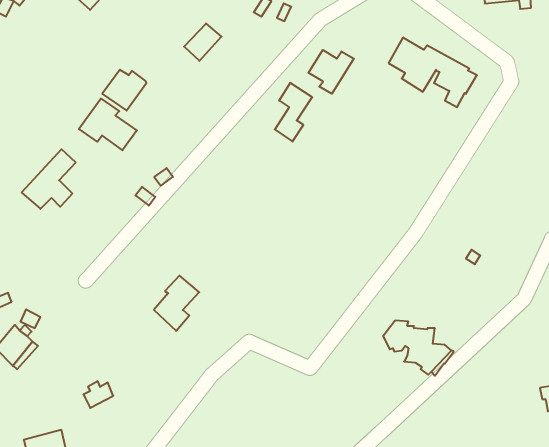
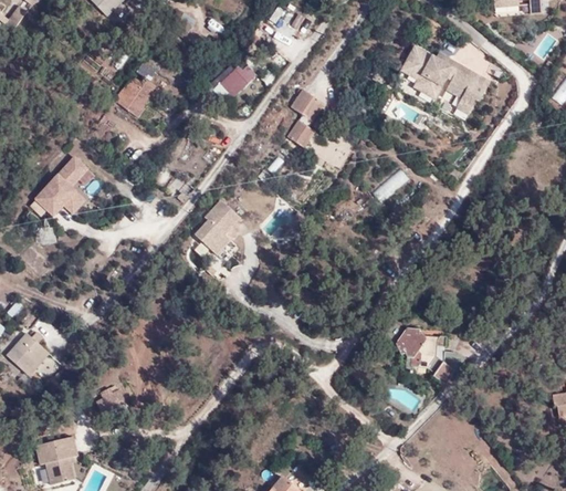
building: [184,23,222,61] -> [218,58,255,95]
building: [308,50,354,94] -> none
building: [79,99,137,150] -> none
building: [154,276,199,331] -> [195,200,240,255]

